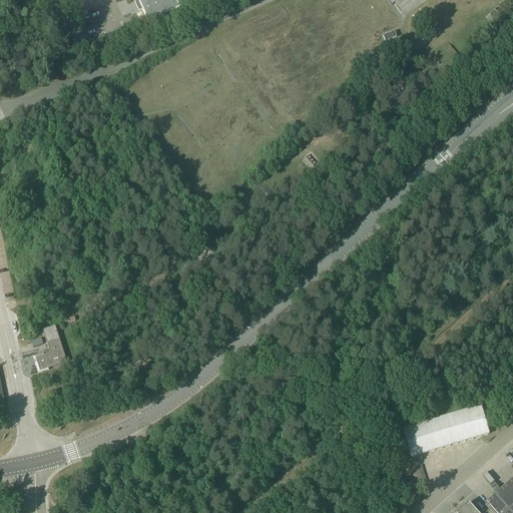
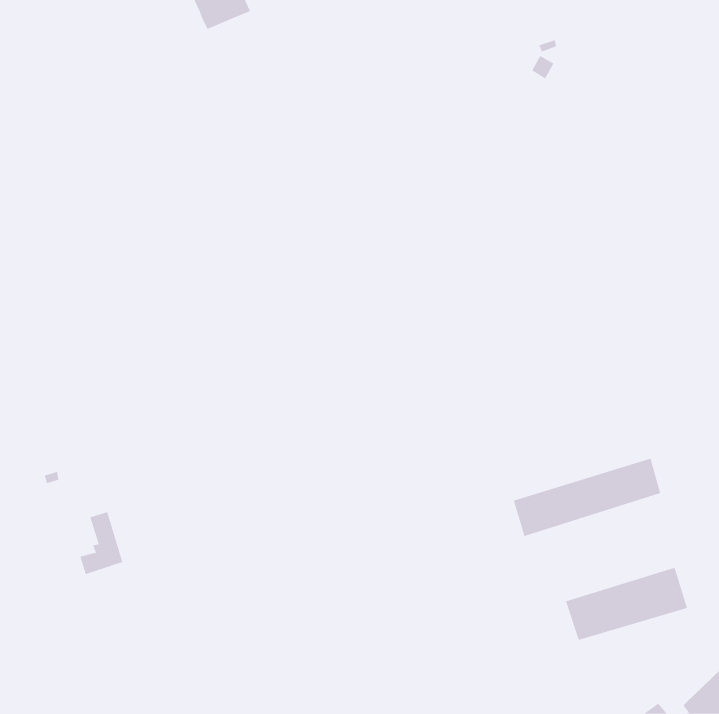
building: [36,323,67,368] -> [80,511,123,575]
building: none -> [513,458,661,537]

